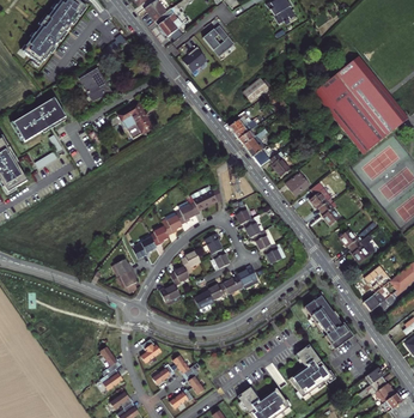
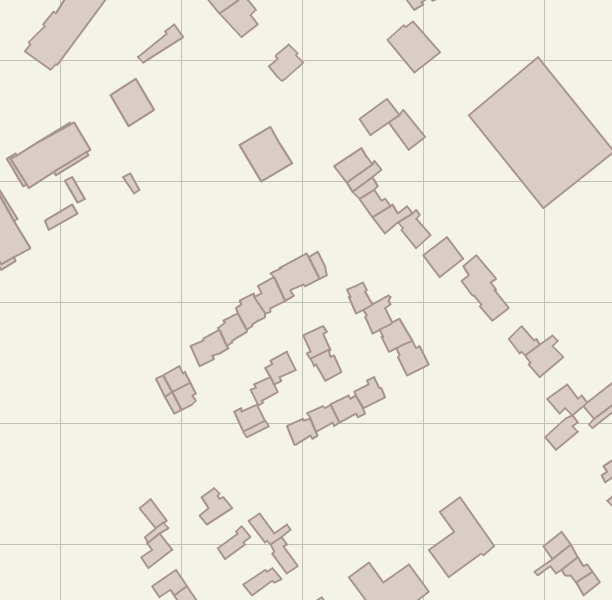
building: [201,25,236,59] -> [387,22,440,73]
building: [117,103,152,139] -> [239,127,292,181]
building: [304,293,353,349] -> none

